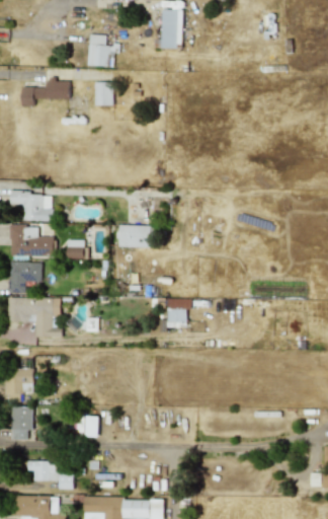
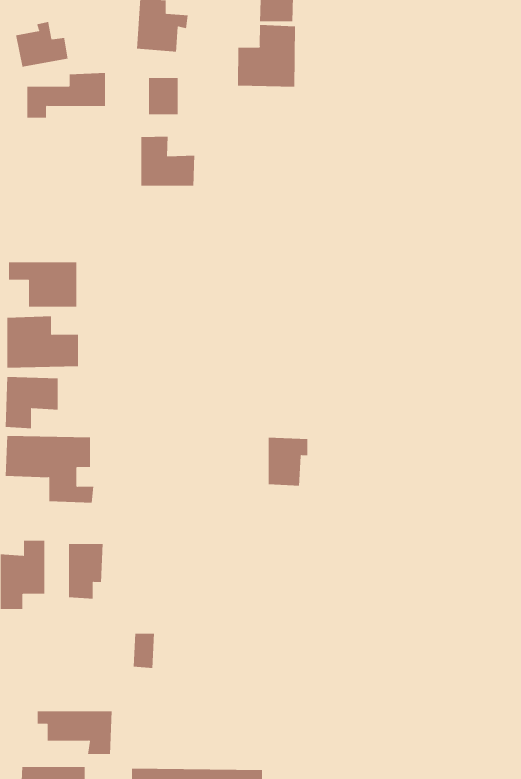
building: none -> [16,21,68,68]
building: none -> [237,24,296,88]
building: none -> [141,136,195,187]
building: [119,224,152,247] -> none
building: [66,239,86,257] -> none
building: [12,406,33,440] -> [68,544,104,599]

